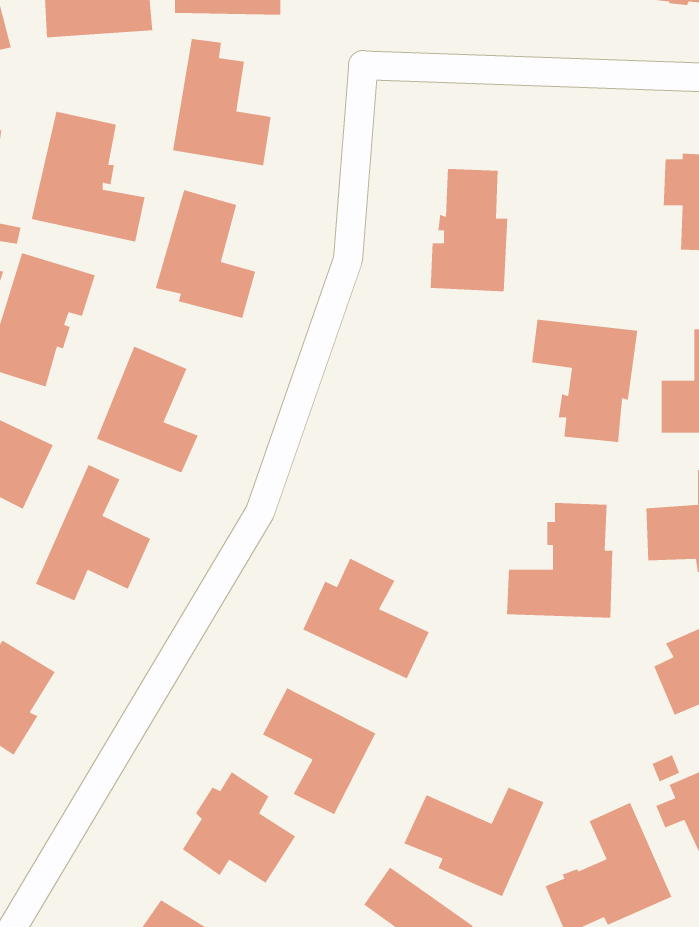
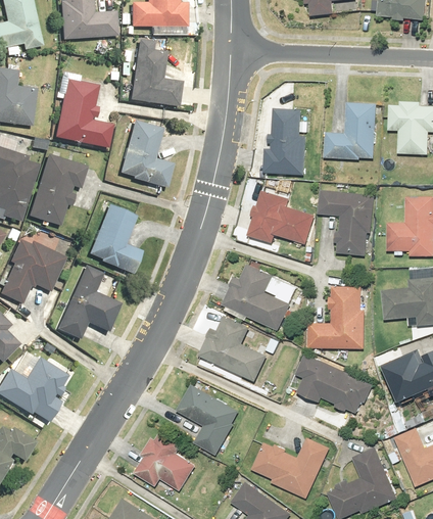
building: none -> [326,101,379,157]
building: none -> [248,188,318,243]
building: none -> [222,265,296,330]
building: none -> [295,355,372,412]

